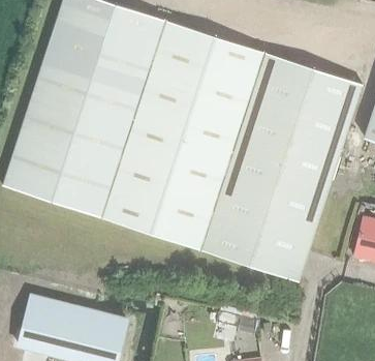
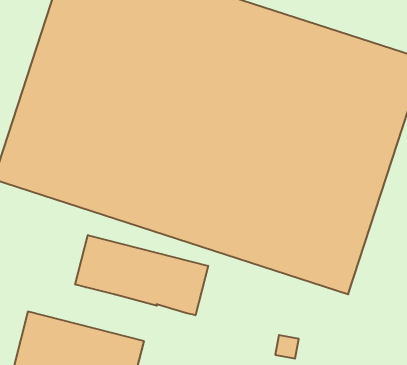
building: none -> [75,235,208,315]

